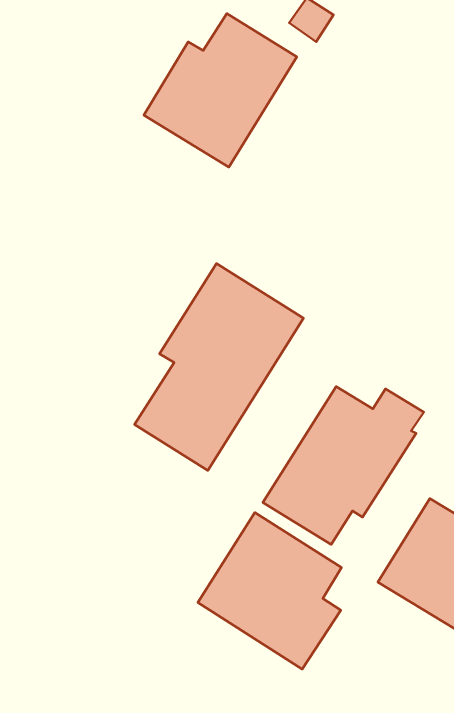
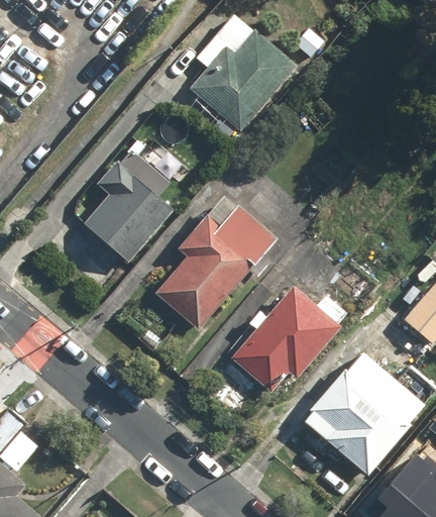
building: none -> [83,150,173,263]
building: [198,513,341,669] -> none

